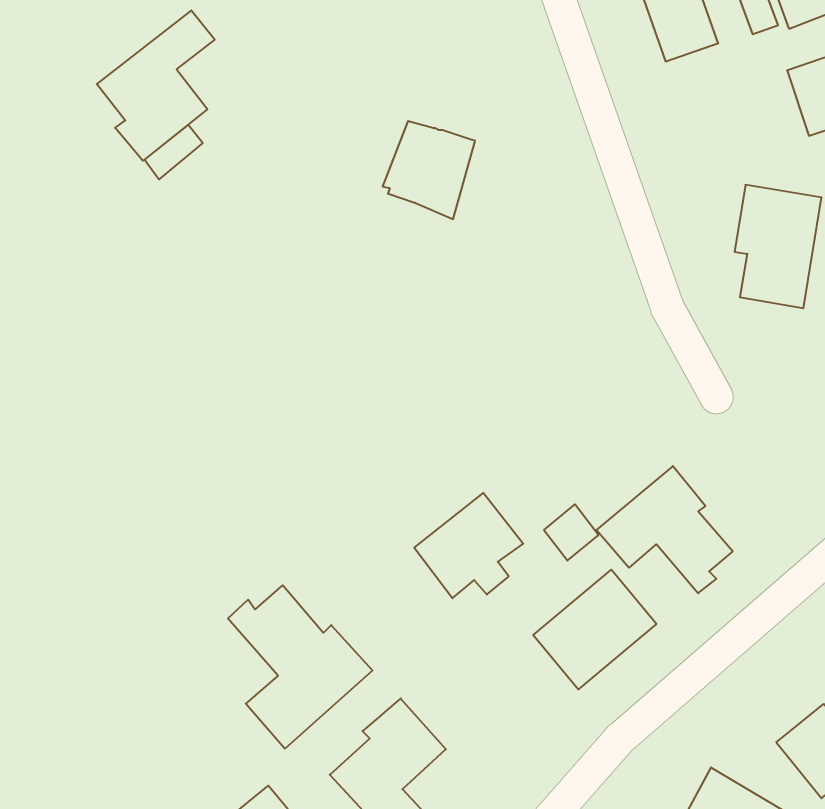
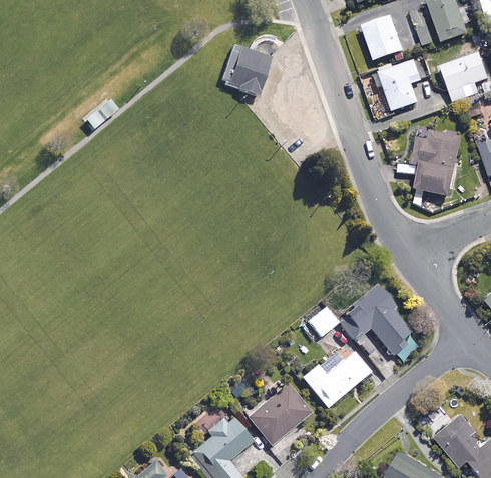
building: [97,10,215,161] -> none
building: none -> [378,57,421,110]
building: [383,121,475,219] -> [220,40,272,94]
building: [414,493,523,598] -> [249,385,309,443]
building: [228,585,372,749] -> none

